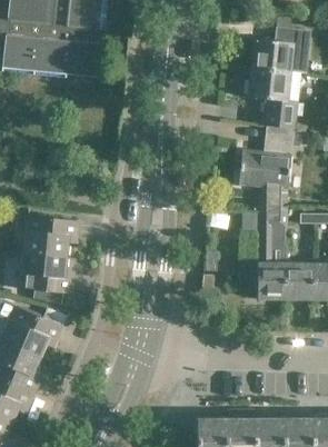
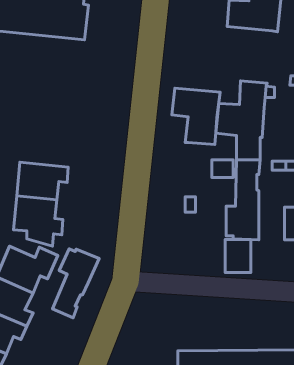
building: [247,68,299,129] -> [172,88,220,144]
building: [285,264,312,299] -> [225,240,251,272]
building: none -> [53,249,99,318]

